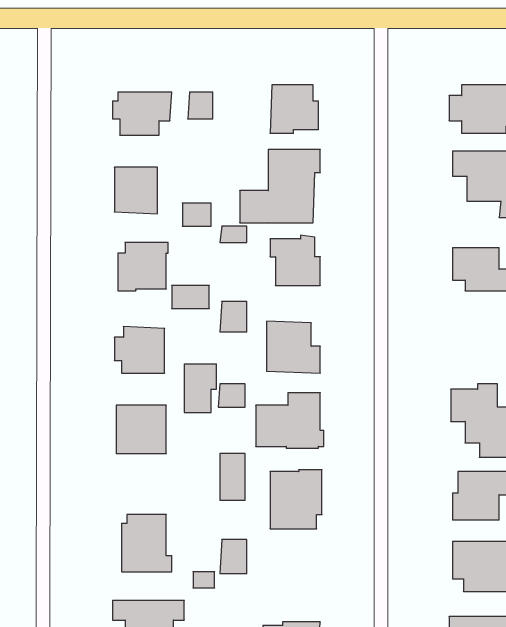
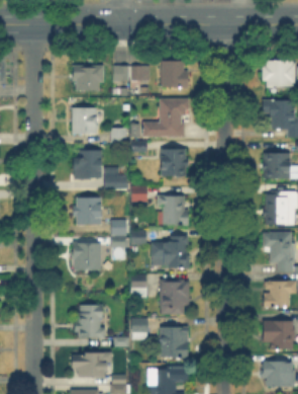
building: none -> [131,65,151,93]
building: none -> [264,192,287,224]
building: none -> [160,326,188,359]

